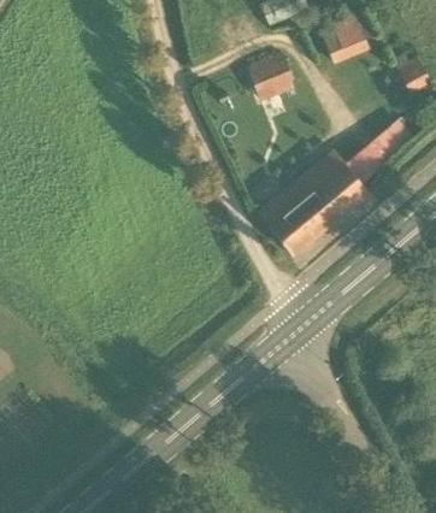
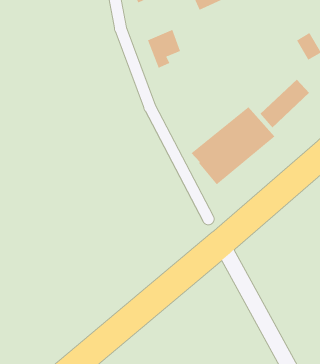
building: [322,20,369,63] -> none
building: [248,51,293,102] -> [147,29,181,69]

